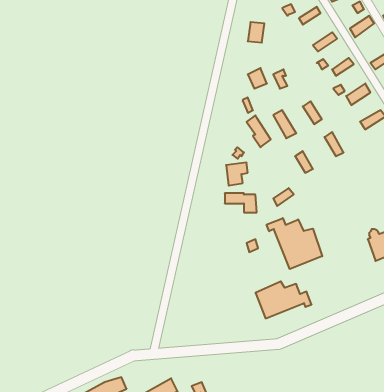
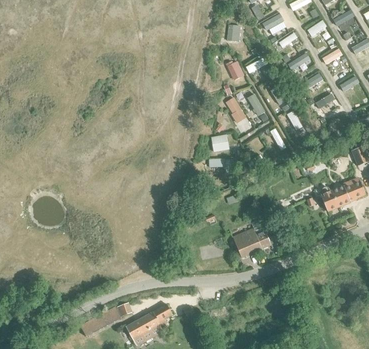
building: [267,218,322,269] -> none

